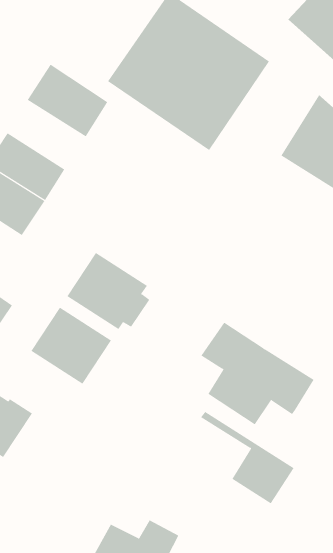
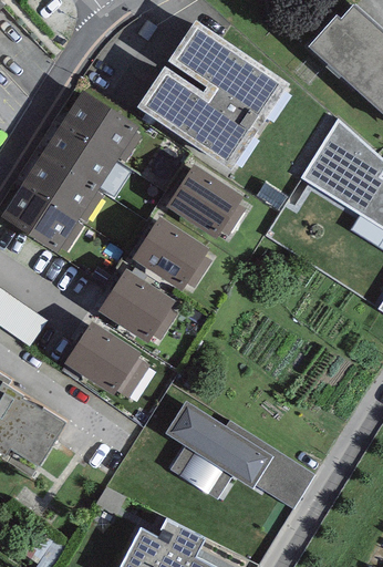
building: none -> [41,123,116,189]
building: none -> [165,163,245,238]
building: none -> [132,215,211,290]
building: [201,322,314,425] -> [164,400,272,498]

